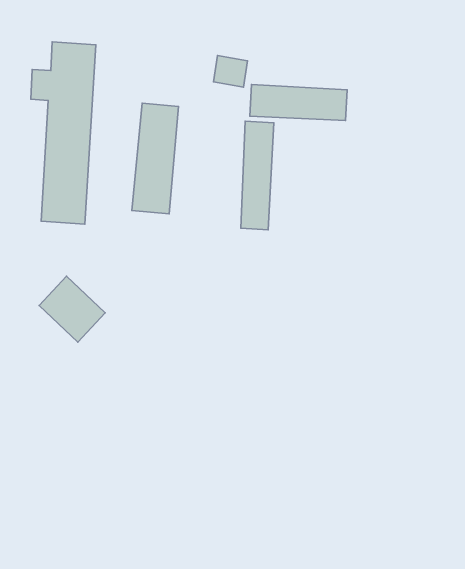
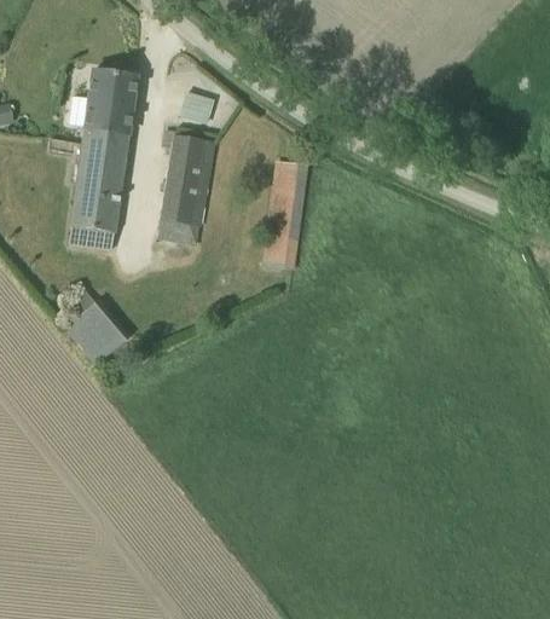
building: [213,56,248,87] -> [178,88,213,121]
building: [250,85,347,120] -> none

